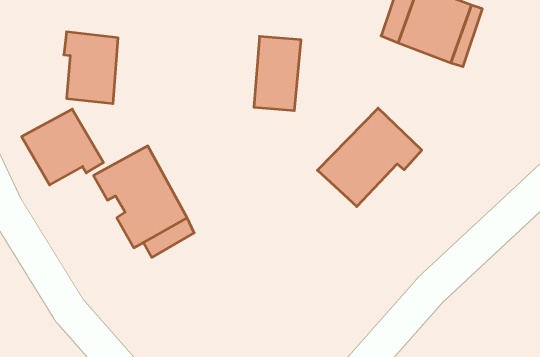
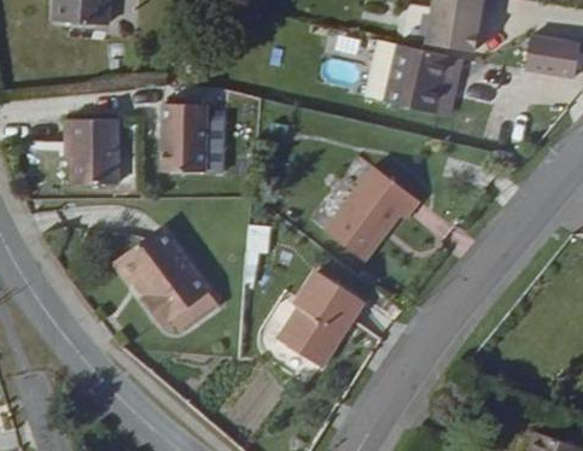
building: [254,36,301,111] -> [170,110,211,178]
building: [22,109,103,185] -> none
building: none -> [282,271,358,362]

